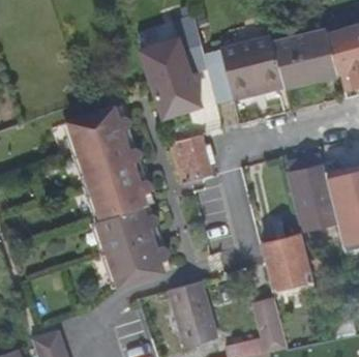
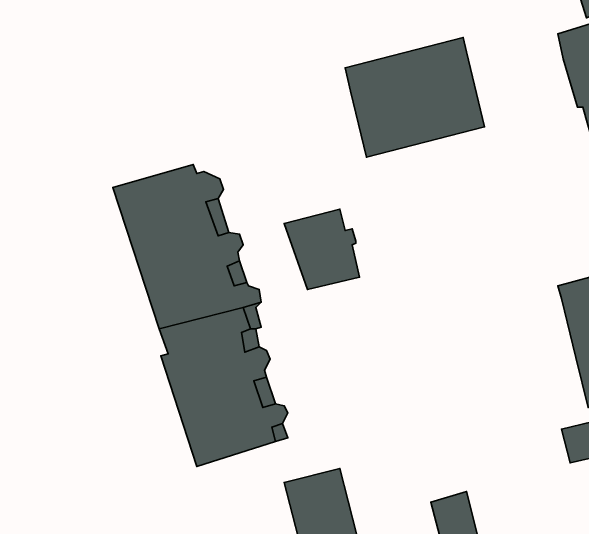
building: [274,31,338,88] -> none
building: [139,38,207,117] -> none
building: [290,168,337,230] -> none
building: [263,235,312,290] -> none

